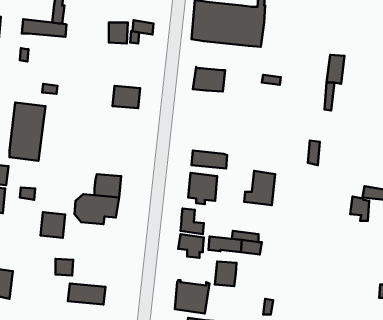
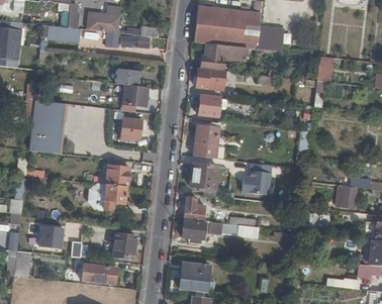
building: none -> [88,13,119,33]
building: none -> [257,27,283,53]
building: none -> [202,44,246,71]
building: none -> [112,69,139,86]
building: none -> [198,95,221,117]
building: none -> [119,117,140,139]
building: none -> [195,124,227,147]
building: [41,212,65,238] -> [40,225,63,248]
building: none -> [109,232,140,259]
building: [215,261,237,286] -> none

